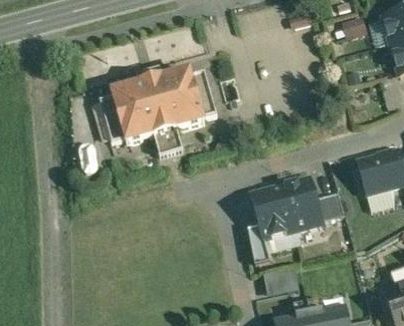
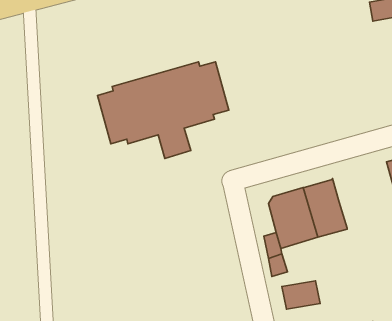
building: [316,192,345,221] -> none

